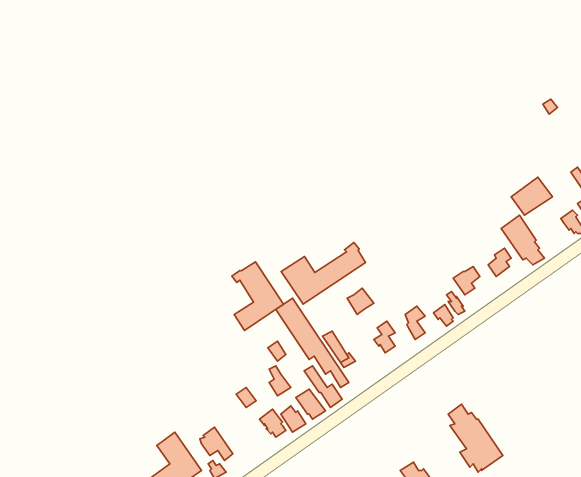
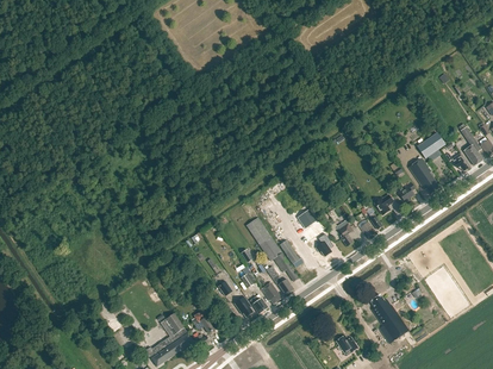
building: [281,243,365,304] -> none
building: [232,262,284,330] -> none

